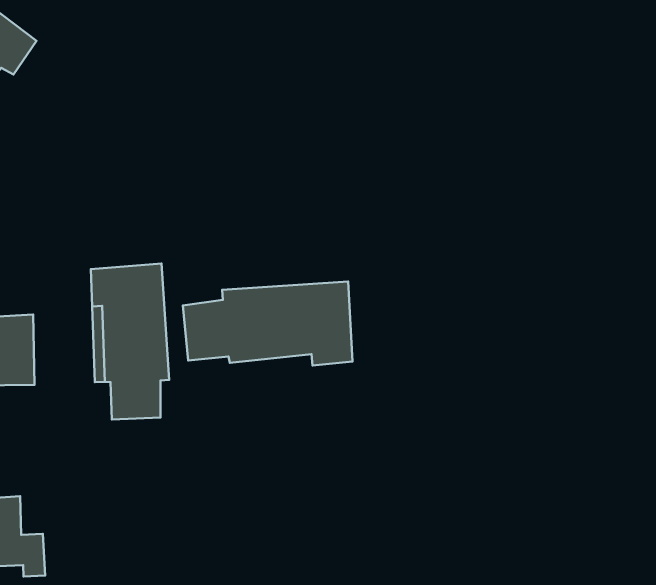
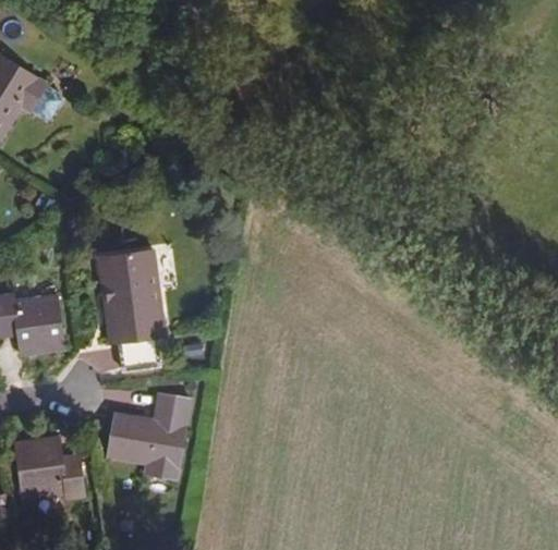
building: [183,281,353,366] -> none
building: none -> [106,392,190,480]

